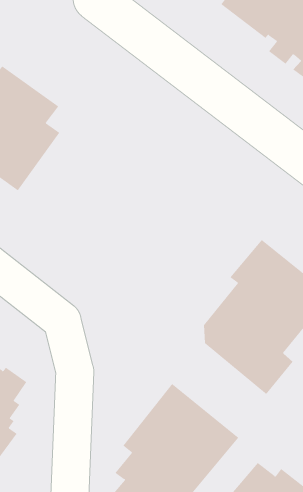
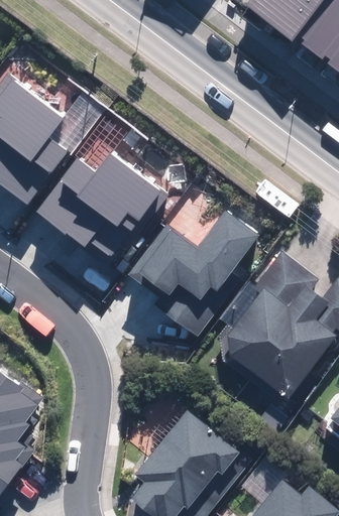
building: none -> [41,143,178,253]
building: none -> [127,210,257,336]

